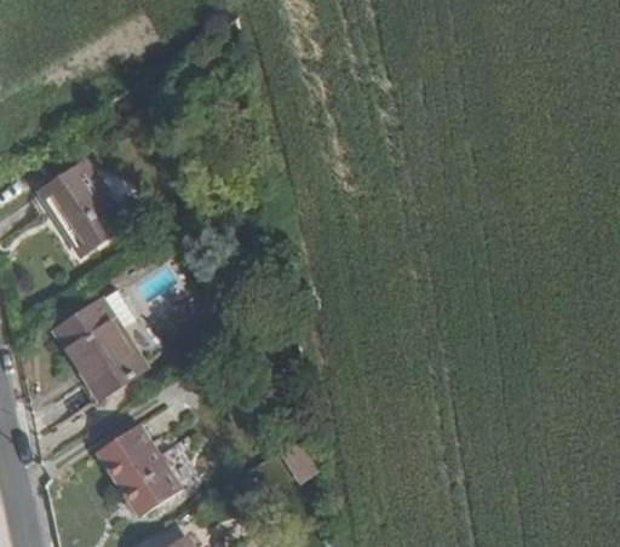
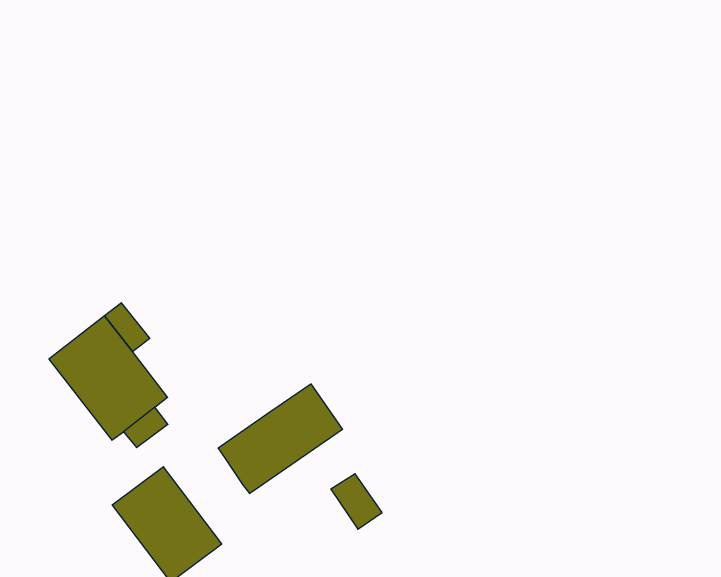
building: [36,161,125,255] -> none
building: none -> [218,384,342,494]

